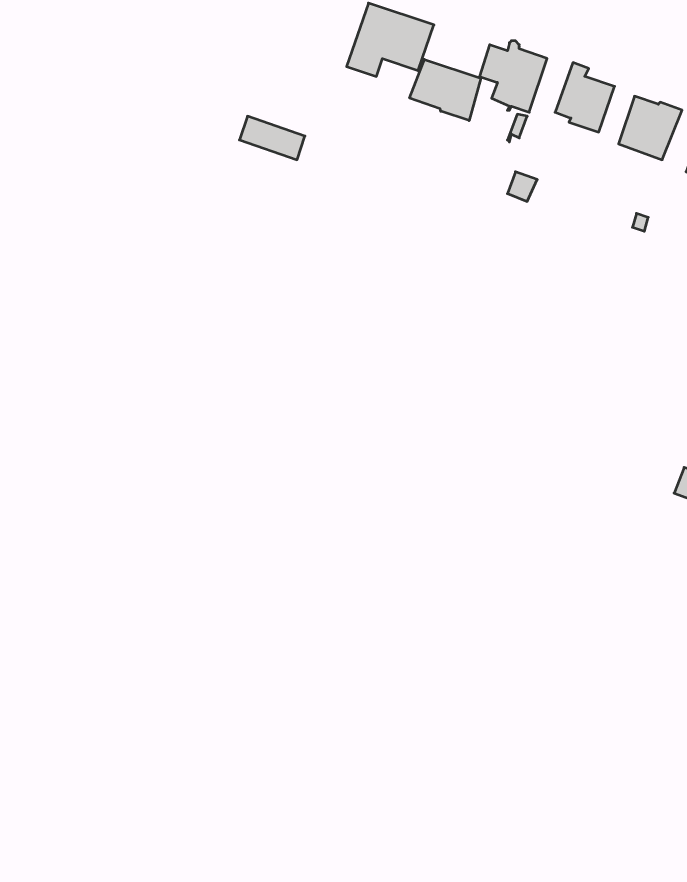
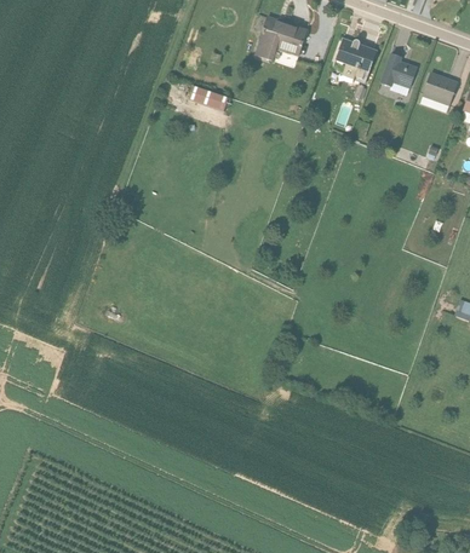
building: [410,59,481,121] -> none

